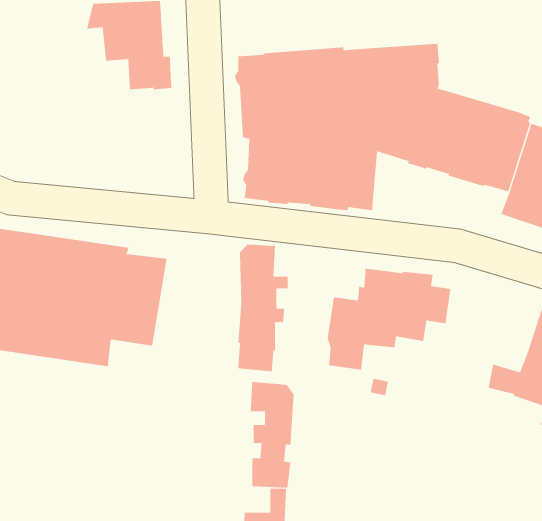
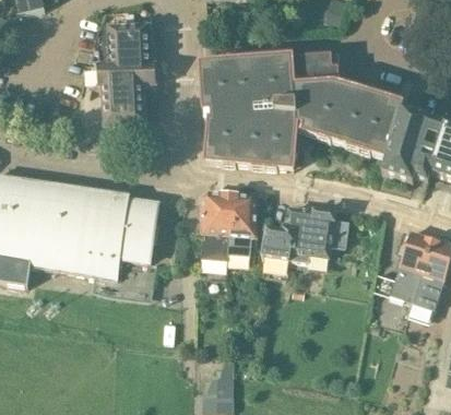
building: none -> [97,64,145,126]
building: [250,381,294,488] -> [226,192,257,265]

